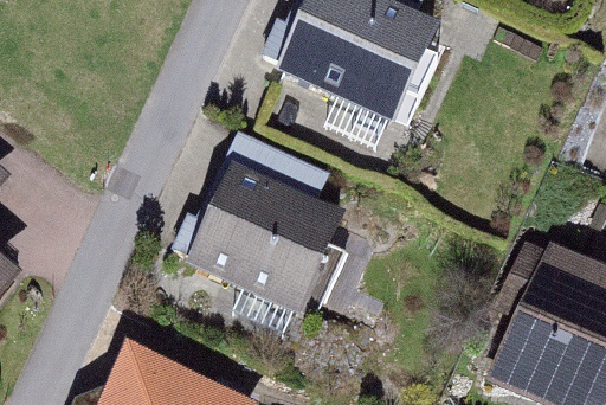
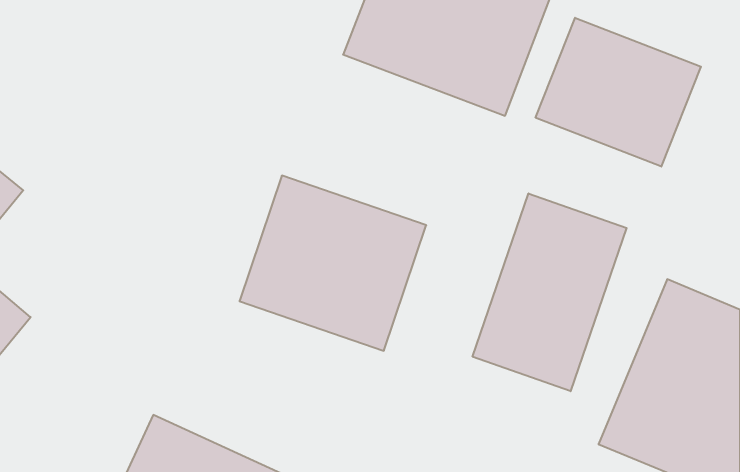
building: none -> [536,18,701,167]
building: none -> [473,193,627,391]

